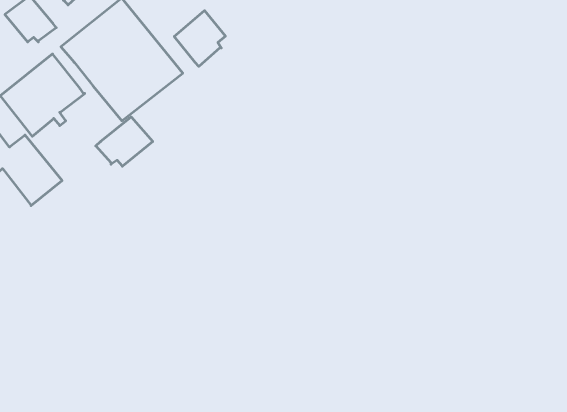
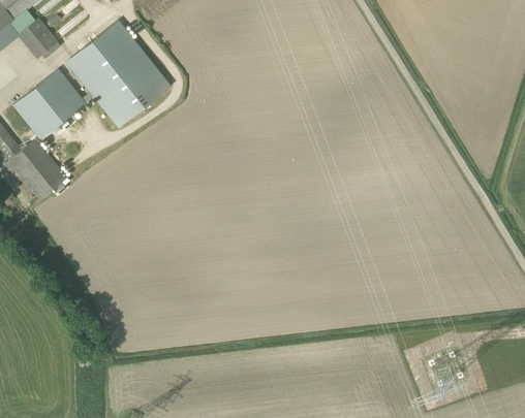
building: [174,11,225,66] -> none
building: [96,117,153,166] -> none

